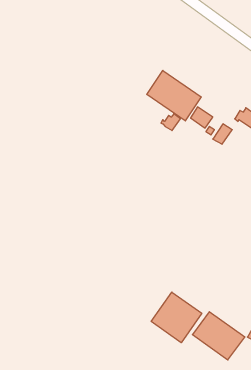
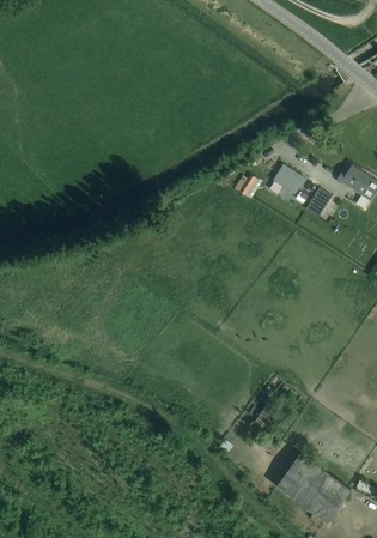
building: [147,70,201,121] -> none
building: [151,292,202,343] -> none

